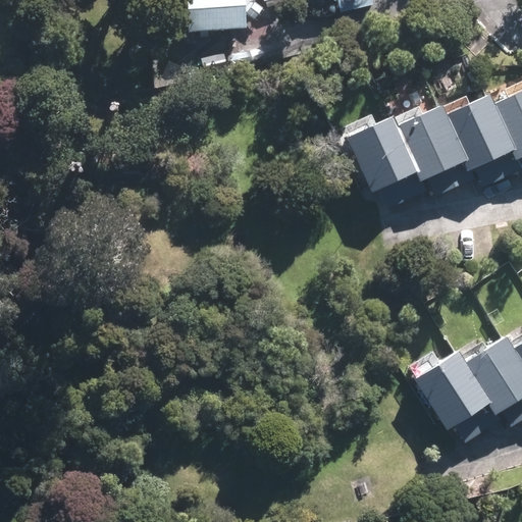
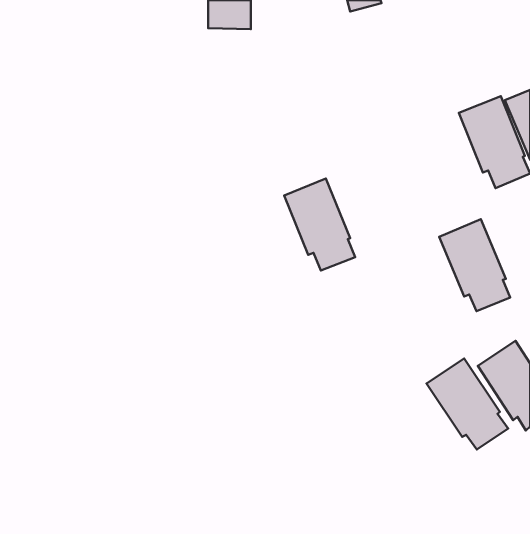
building: [401,104,470,194] -> [439,219,510,311]
building: [352,116,421,206] -> [284,179,355,271]

